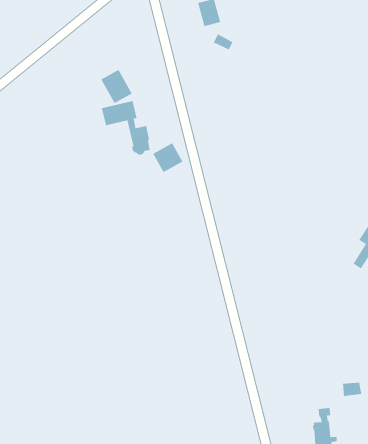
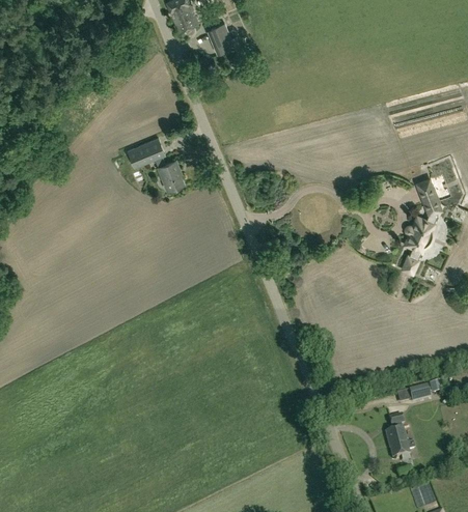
building: [100,69,133,104] -> none
building: [152,142,184,173] -> none

